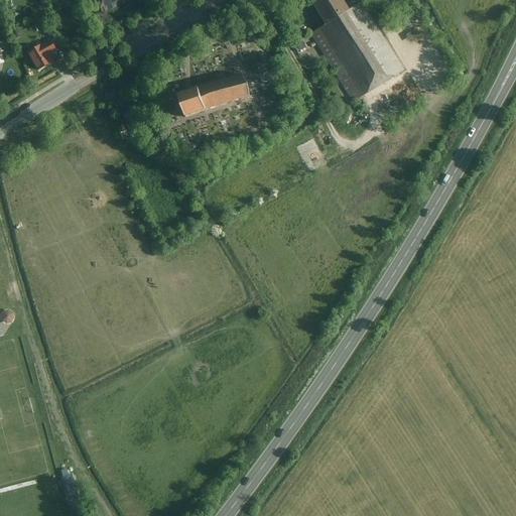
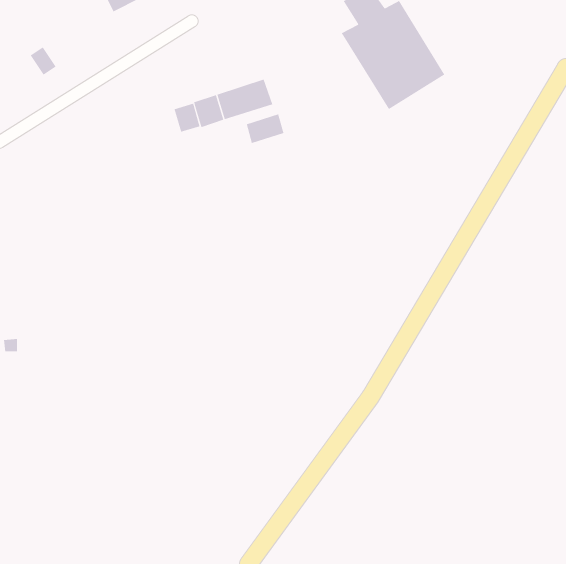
building: none -> [174,103,200,133]
building: none -> [246,113,284,144]

